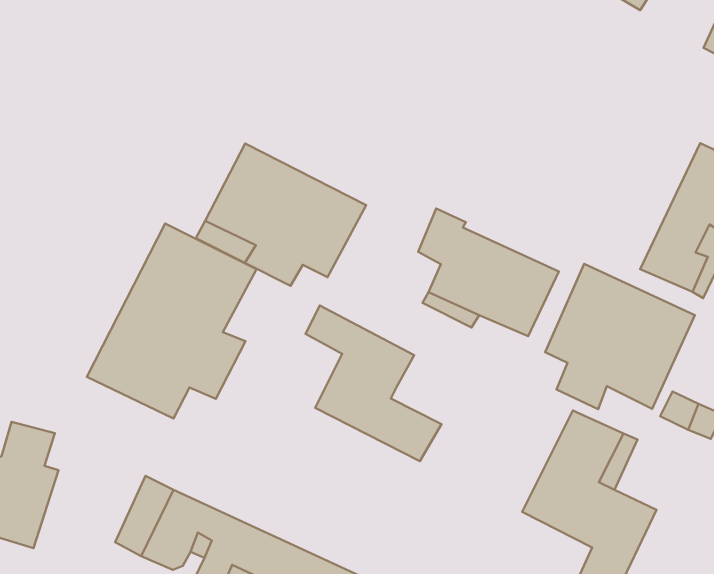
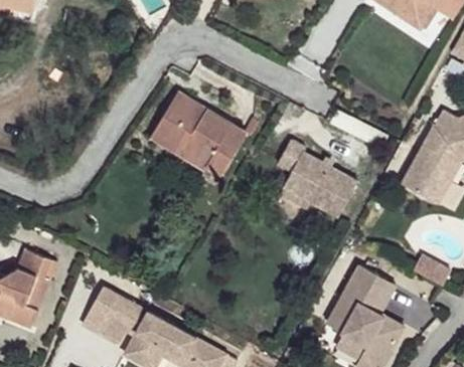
building: [87,223,257,418] -> none
building: [545,264,695,409] -> none
building: [305,306,441,461] -> none

